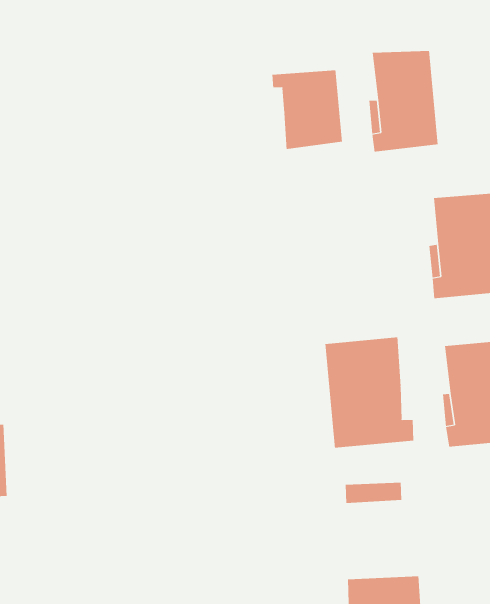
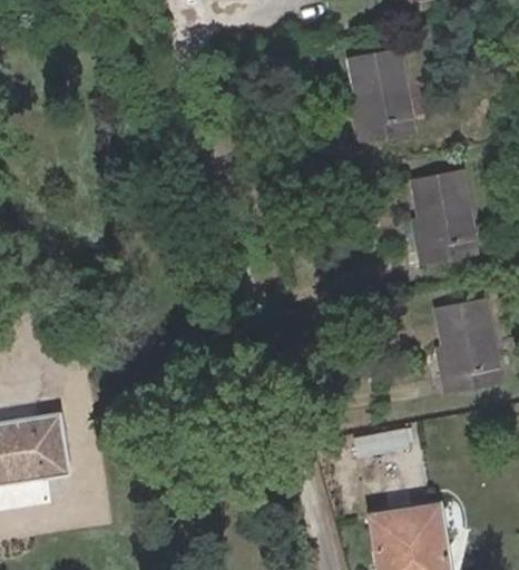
building: [272,70,343,150] -> none
building: [325,336,414,449] -> none

